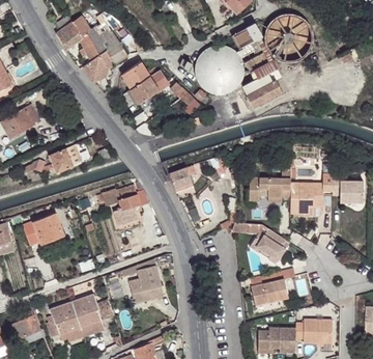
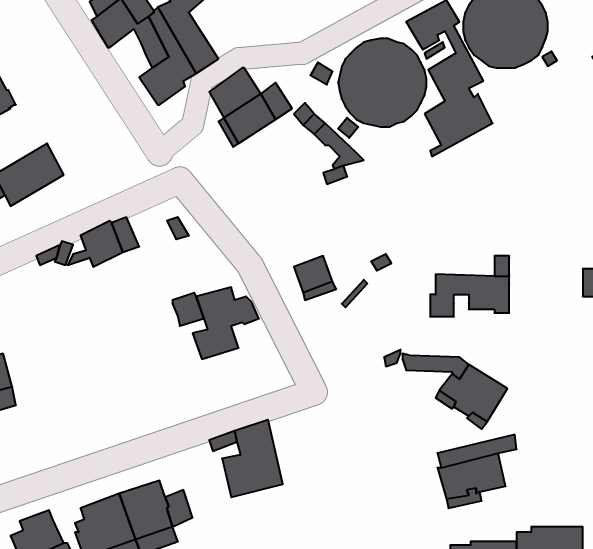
building: [290,174,333,213] -> none
building: [24,213,64,246] -> none

